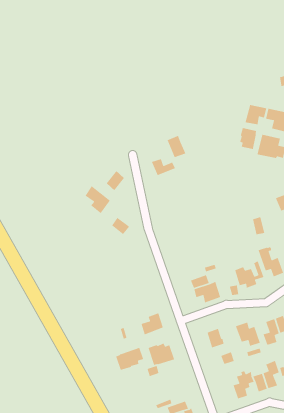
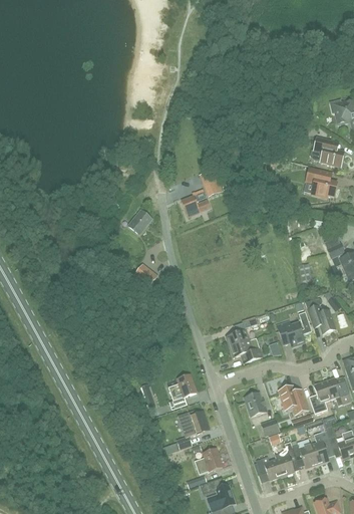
building: [245,104,267,125] -> none
building: [239,127,257,150] -> none
building: [85,185,111,214] -> none
building: [115,347,144,371] -> none
building: none -> [193,447,222,474]
building: none -> [255,455,281,479]

